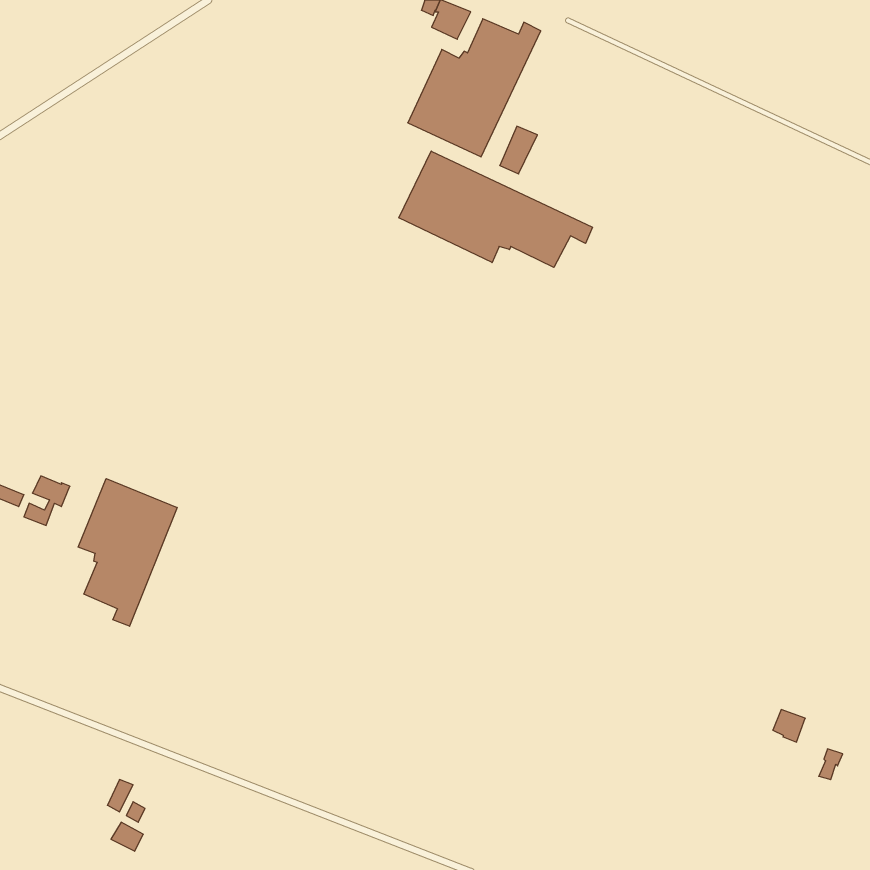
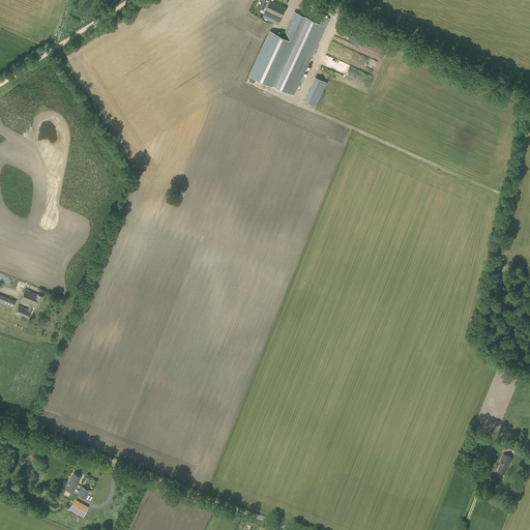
building: [399,151,592,267] -> none
building: [78,479,177,626] -> none

